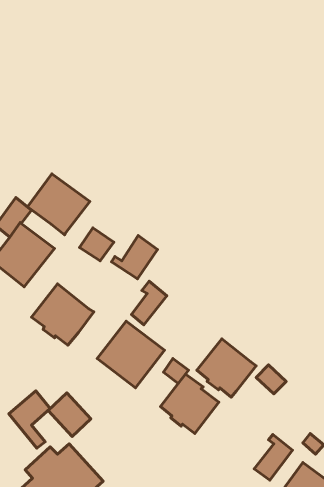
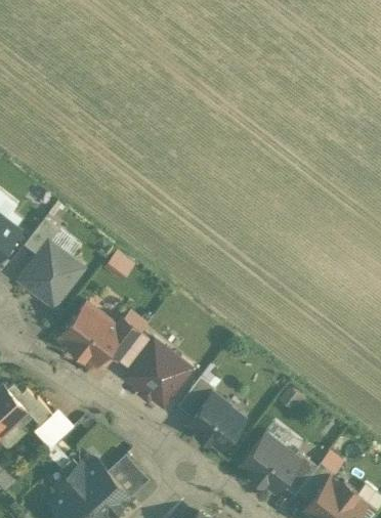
building: [28,174,90,235] -> none
building: [111,236,158,279] -> none
building: [131,281,167,325] -> [108,318,142,361]
building: [197,339,256,397] -> [242,434,300,491]
building: [48,393,91,436] -> [109,455,151,498]

